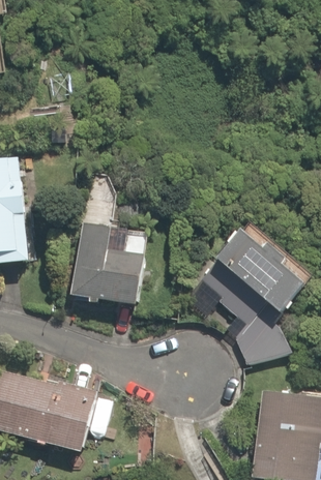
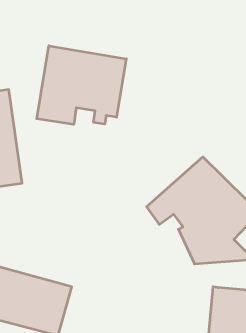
building: none -> [37,46,126,124]
building: [68,214,144,306] -> none

